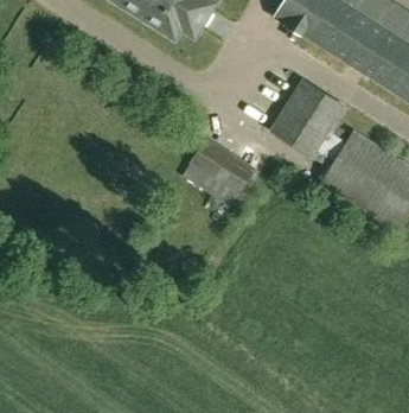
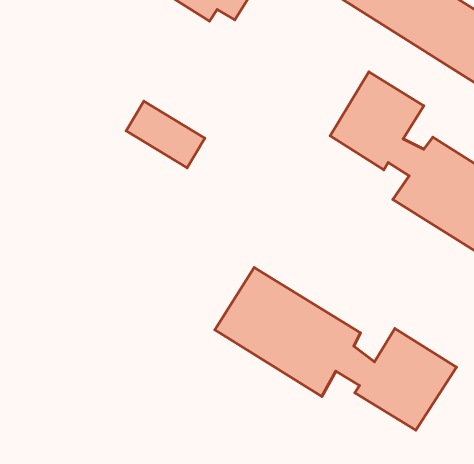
building: [191,140,254,193] -> [126,101,205,168]
building: none -> [215,267,457,430]

